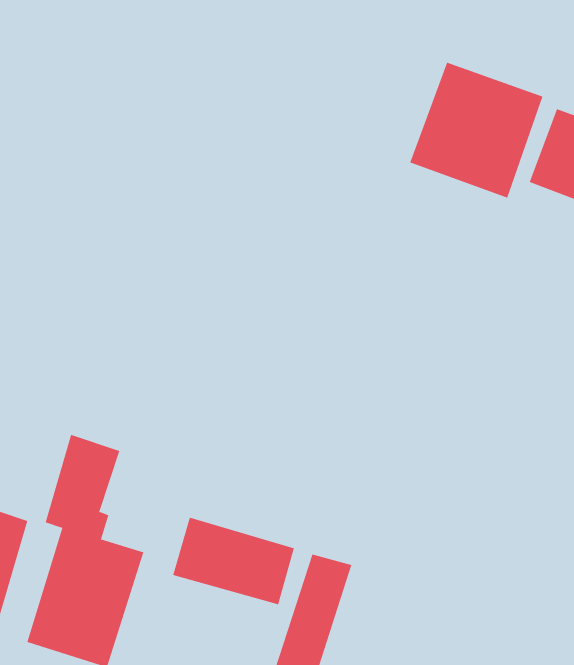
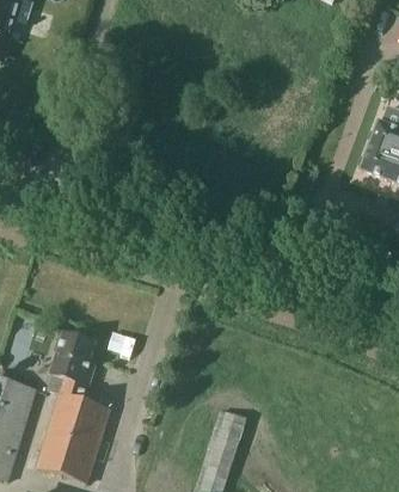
building: [409,62,543,199] -> none
building: [172,517,294,605] -> none

